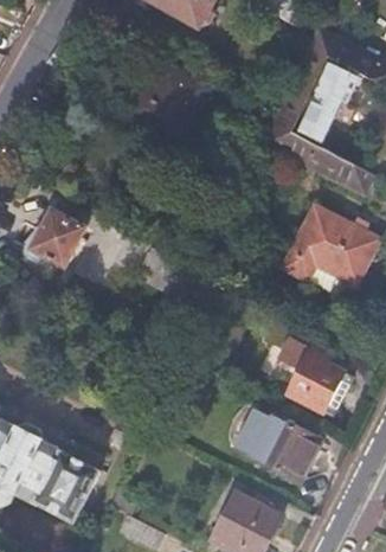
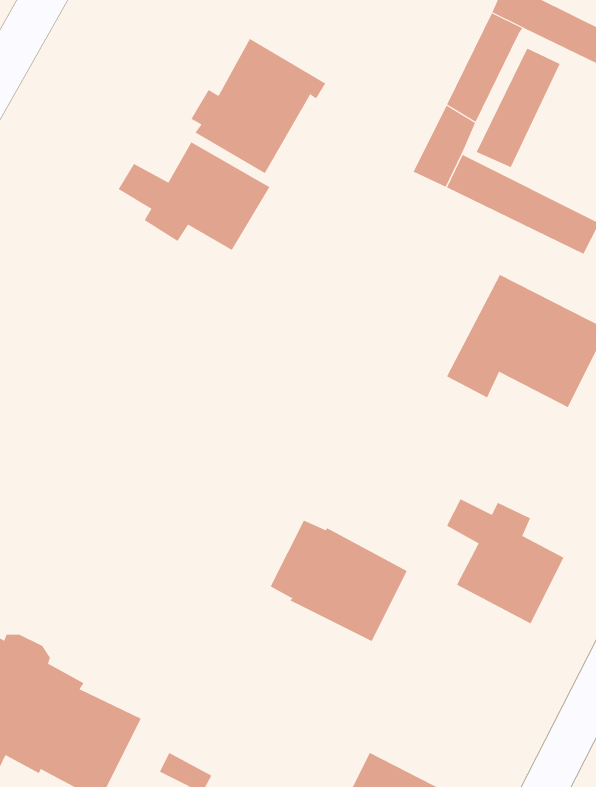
building: none -> [118,141,270,251]
building: [30,208,85,268] -> none
building: [237,409,320,482] -> [270,520,408,642]

